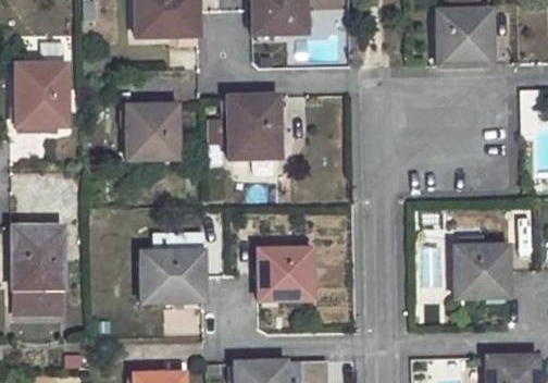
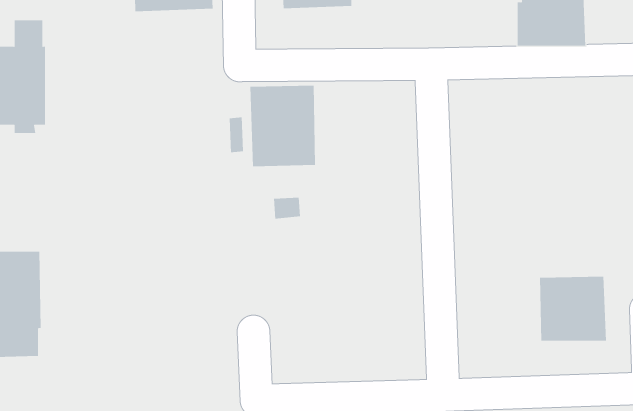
building: [127,103,178,159] -> none
building: [258,247,312,299] -> none
building: [141,248,204,301] -> none

